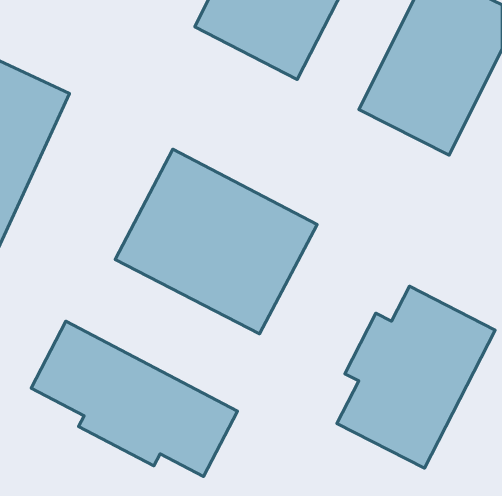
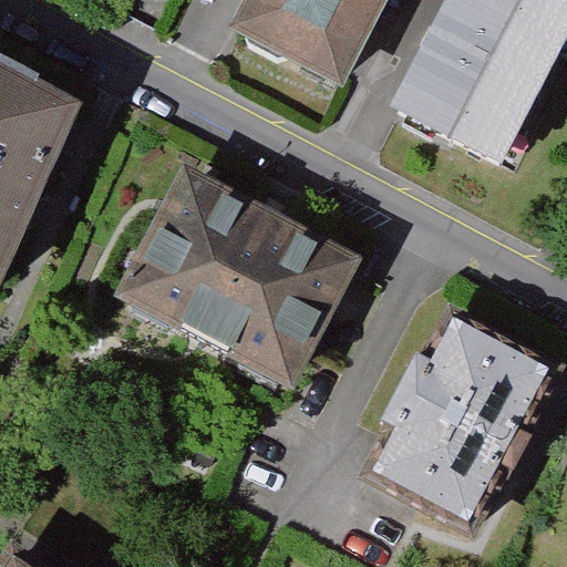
building: [31,321,238,476] -> none

